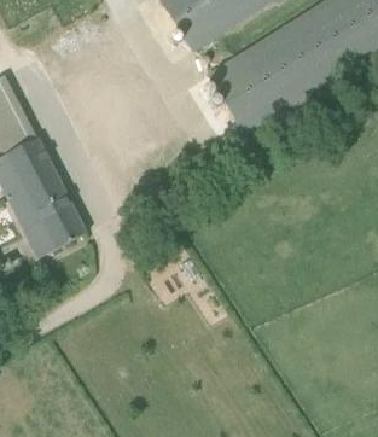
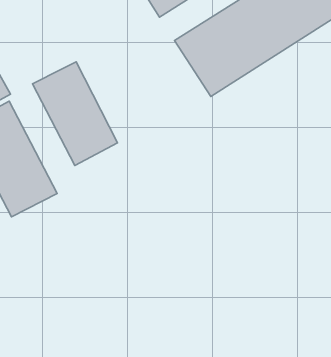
building: none -> [32,62,118,165]

